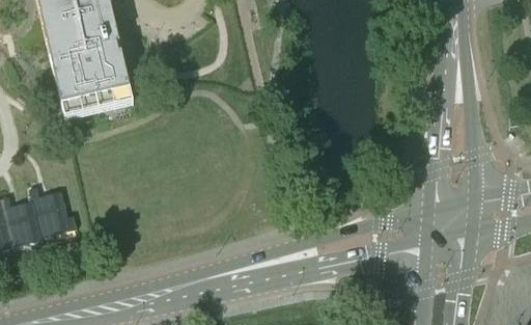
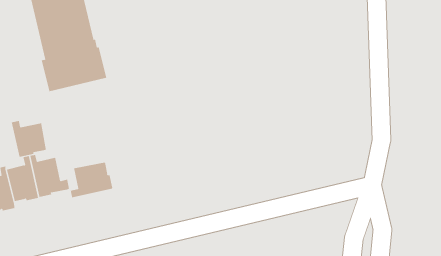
building: none -> [11,120,47,159]
building: none -> [70,161,114,198]

